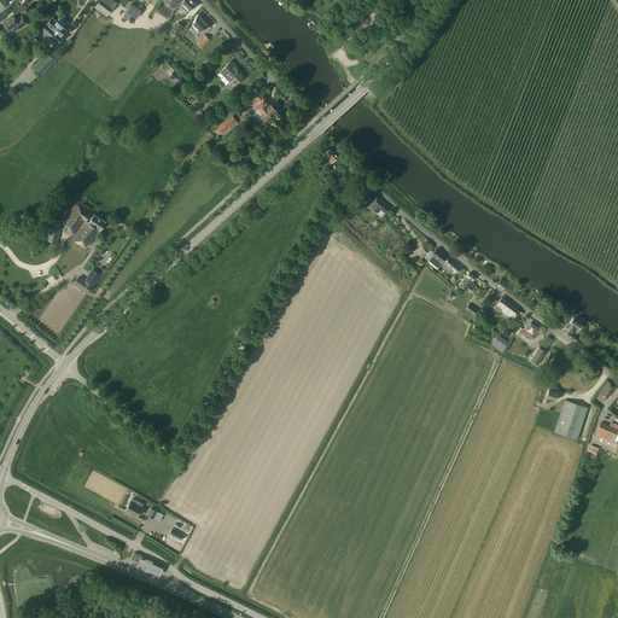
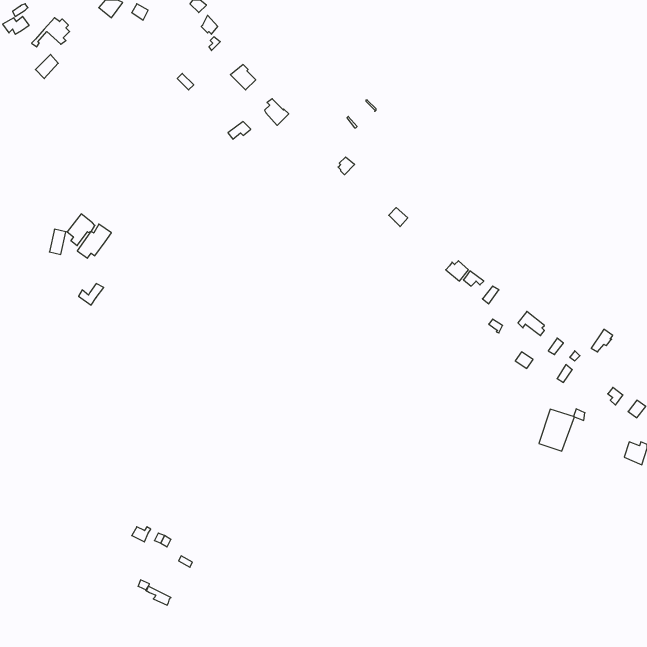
building: [554,400,588,439] -> [539,409,574,451]

